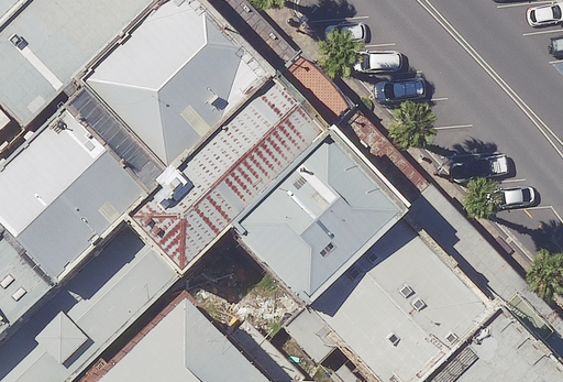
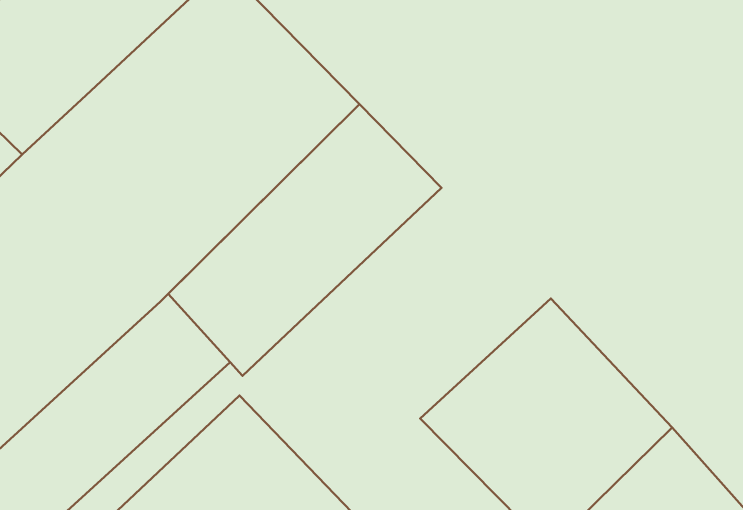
building: [238,145,416,313] -> none

